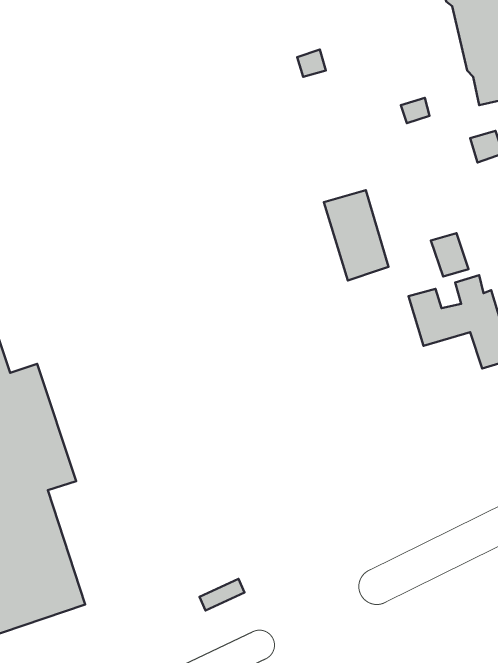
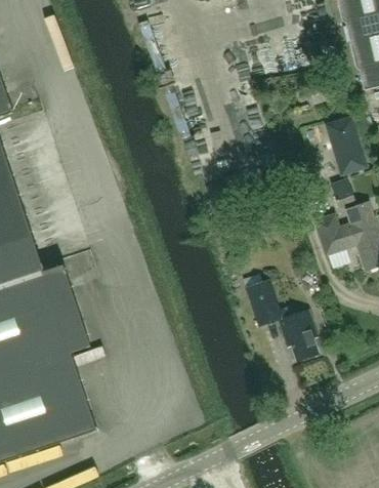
building: [324,190,389,280] -> [324,115,368,176]
building: none -> [245,278,319,361]

